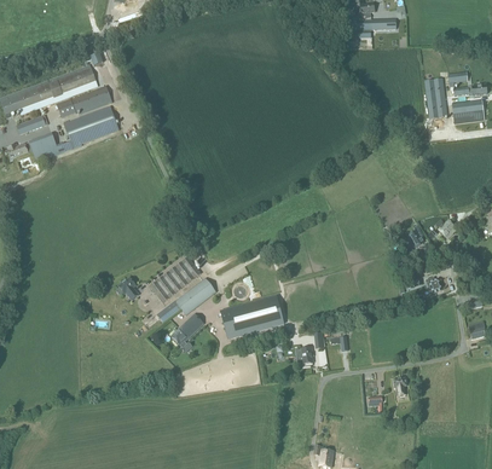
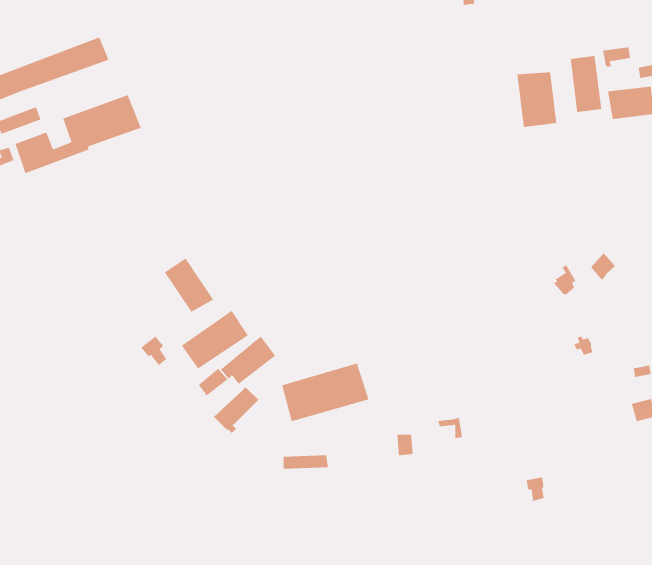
building: [56,85,112,117] -> none
building: none -> [516,72,557,128]
building: none -> [164,257,214,313]

